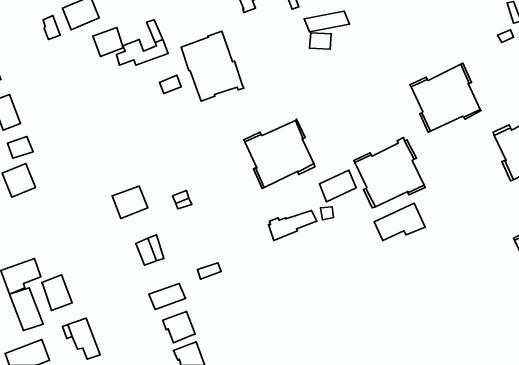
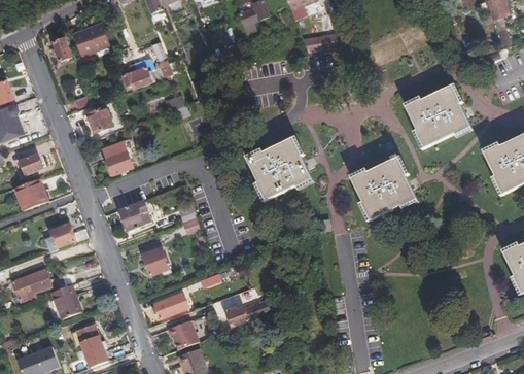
building: [93,27,123,57] -> [84,106,113,134]
building: [181,31,244,101] -> none
building: none -> [102,140,133,174]
building: [319,170,356,202] -> none
building: [374,203,425,240] -> none
building: [268,210,317,241] -> [226,300,273,329]
building: none -> [50,224,89,246]
building: [10,288,43,331] -> none

